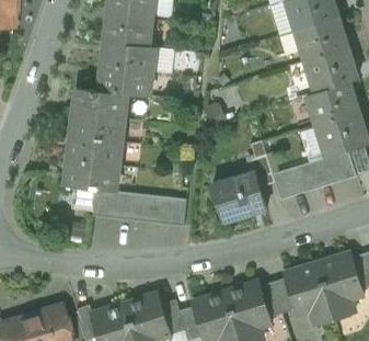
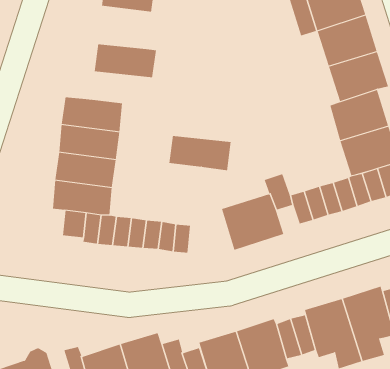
building: [105,9,152,46] -> none
building: [99,66,153,96] -> [168,136,232,171]

